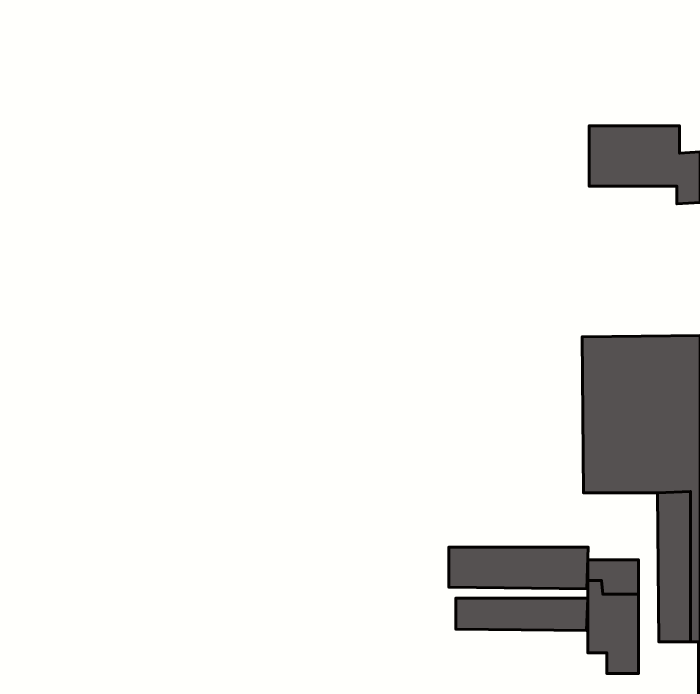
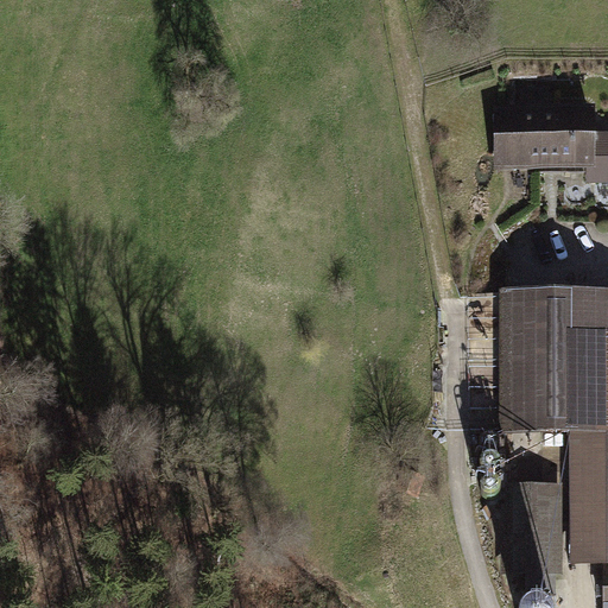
building: [449,547,588,589] -> none
building: [456,598,588,630] -> none

